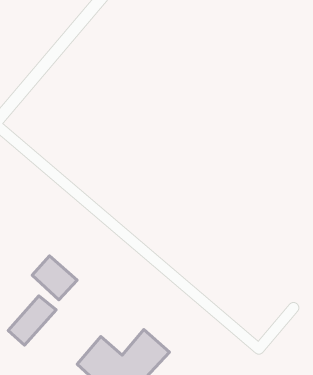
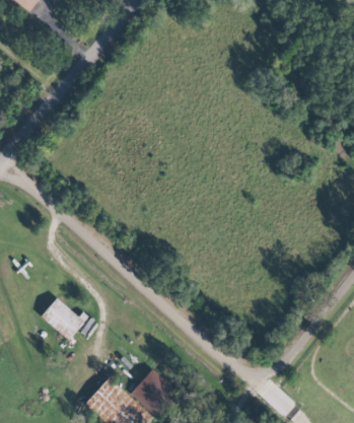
building: [8,296,56,345] -> none

